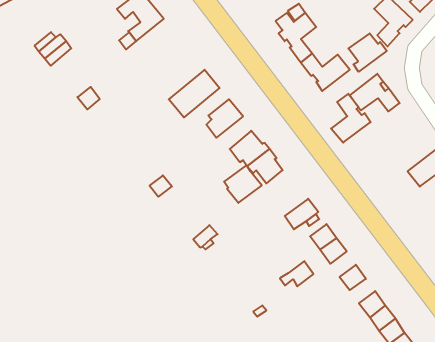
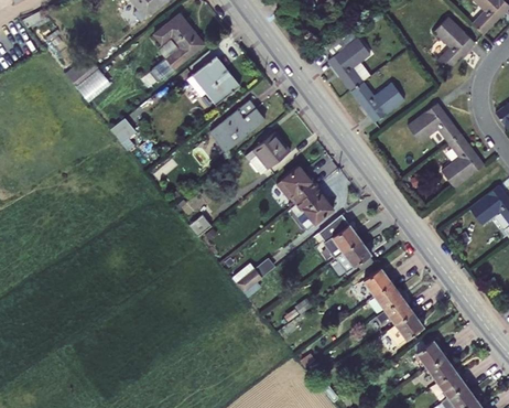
building: none -> [185,55,238,103]
building: [348,33,387,72] -> none
building: [331,94,371,143] -> [441,135,484,187]
building: [224,165,262,203] -> [320,216,360,257]
building: [280,261,313,286] -> [376,296,412,323]

